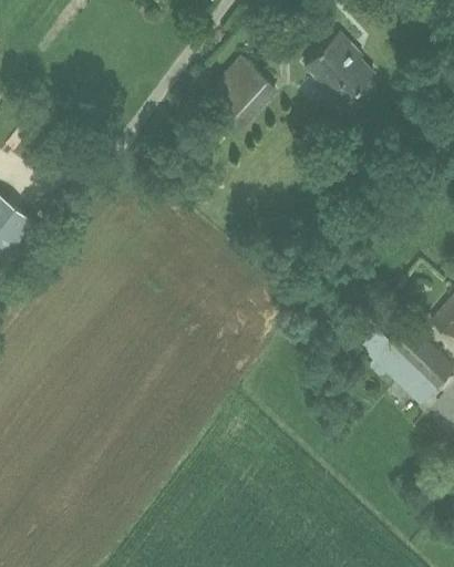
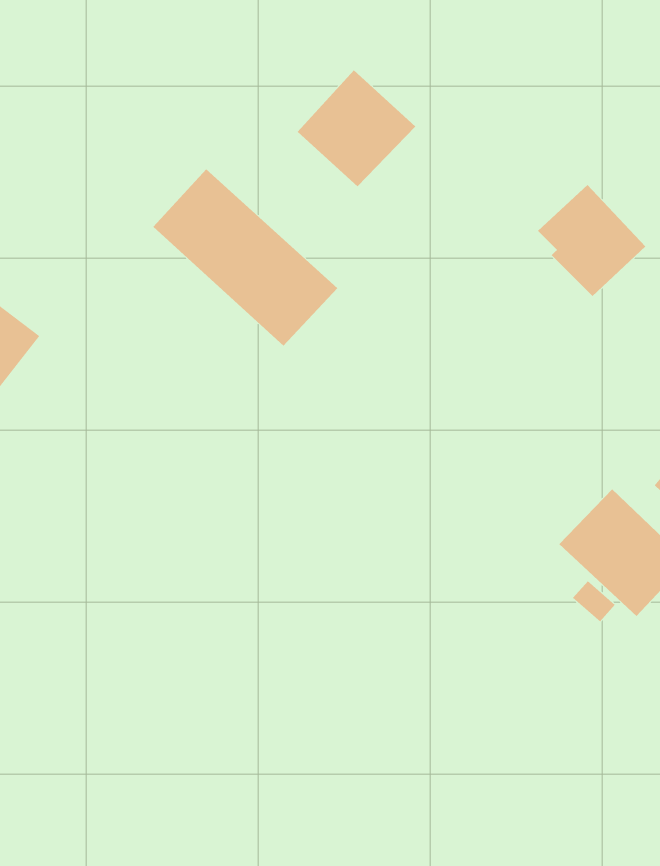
building: [303,34,373,106] -> [537,184,646,297]
building: none -> [153,169,338,347]

